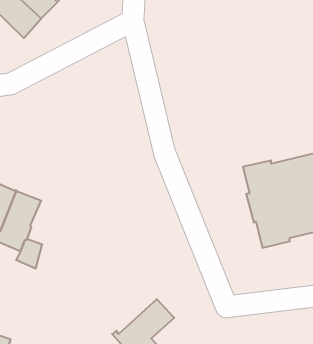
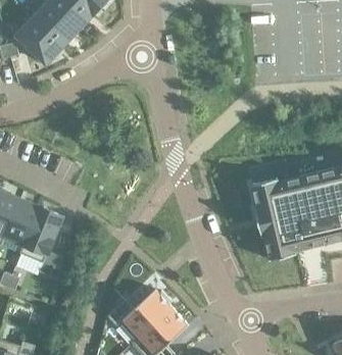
building: none -> [106,290,170,341]

